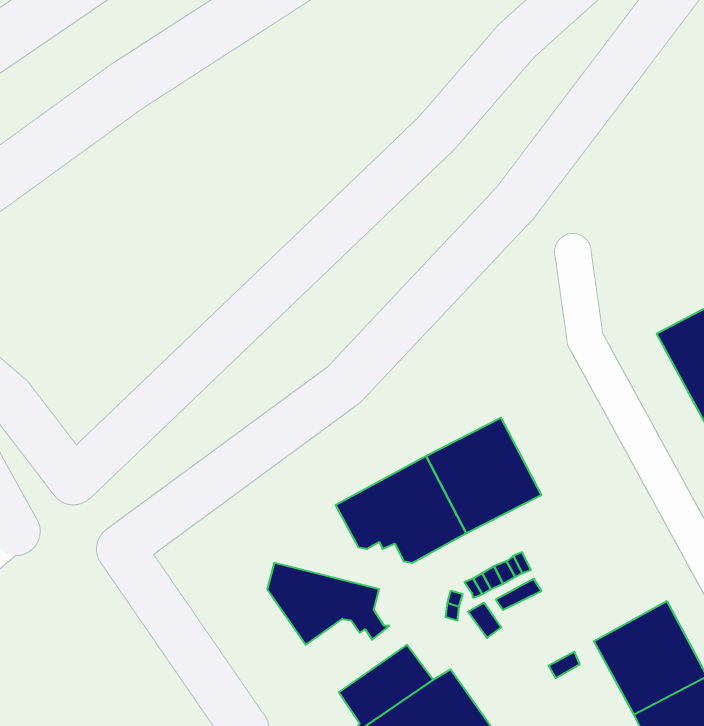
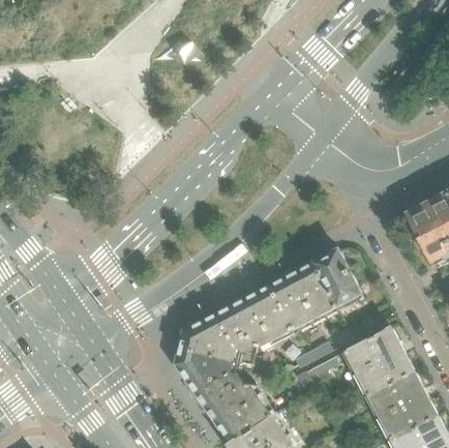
building: none -> [313,249,362,307]
building: none -> [179,313,256,365]
building: none -> [346,327,412,394]
building: none -> [198,381,258,424]

